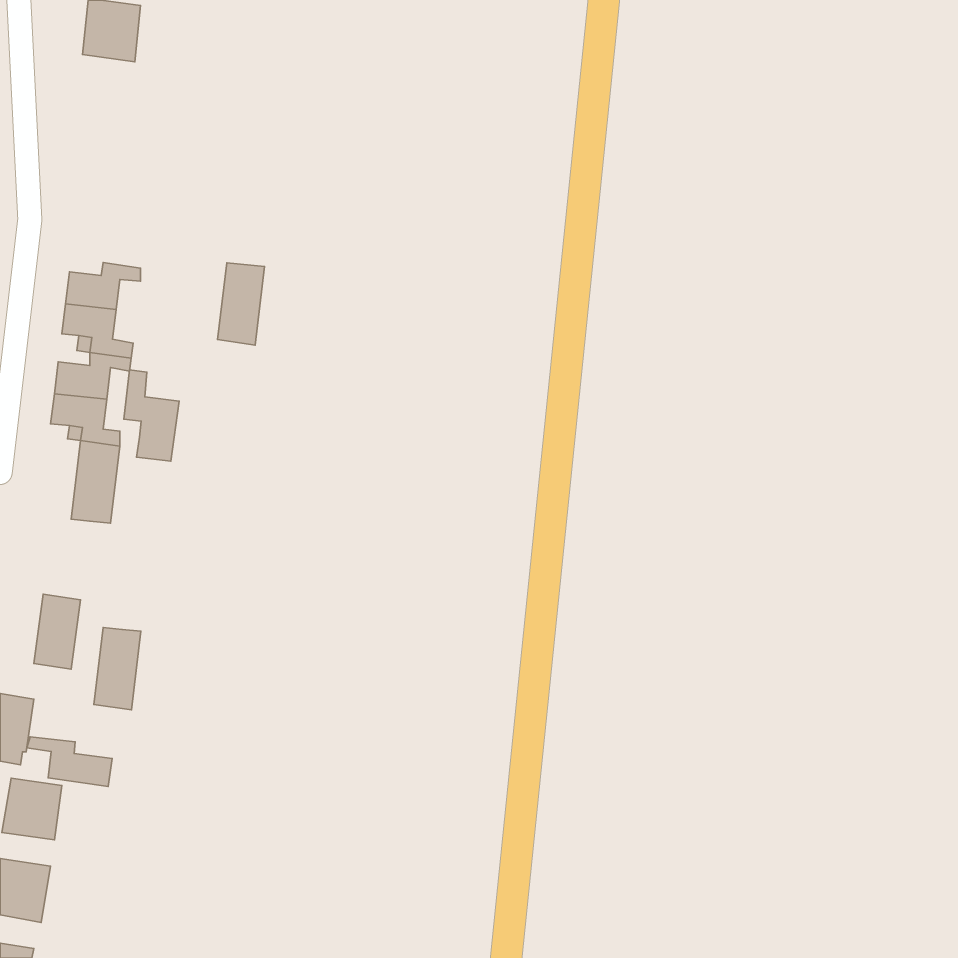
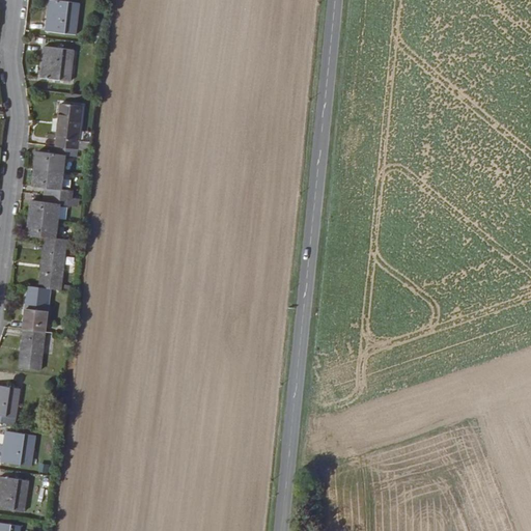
building: none -> [39,46,73,81]
building: [218,263,264,345] -> [57,103,83,148]
building: [124,370,179,461] -> none
building: [94,627,141,710] -> [24,286,50,332]
building: [27,737,112,786] -> none

